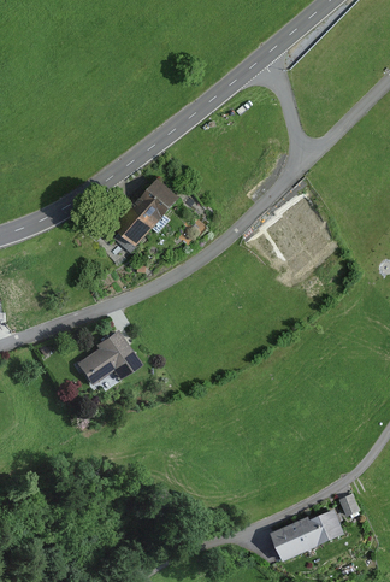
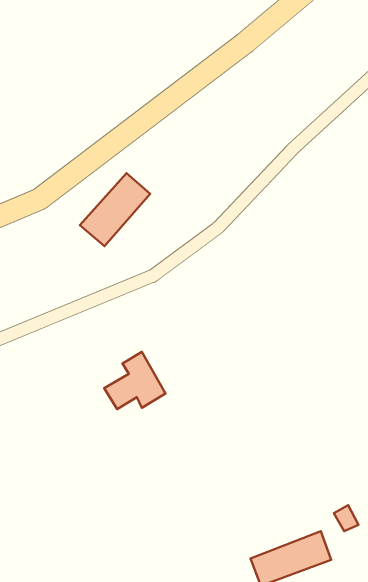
building: [79,329,136,382] -> [104,352,165,409]

